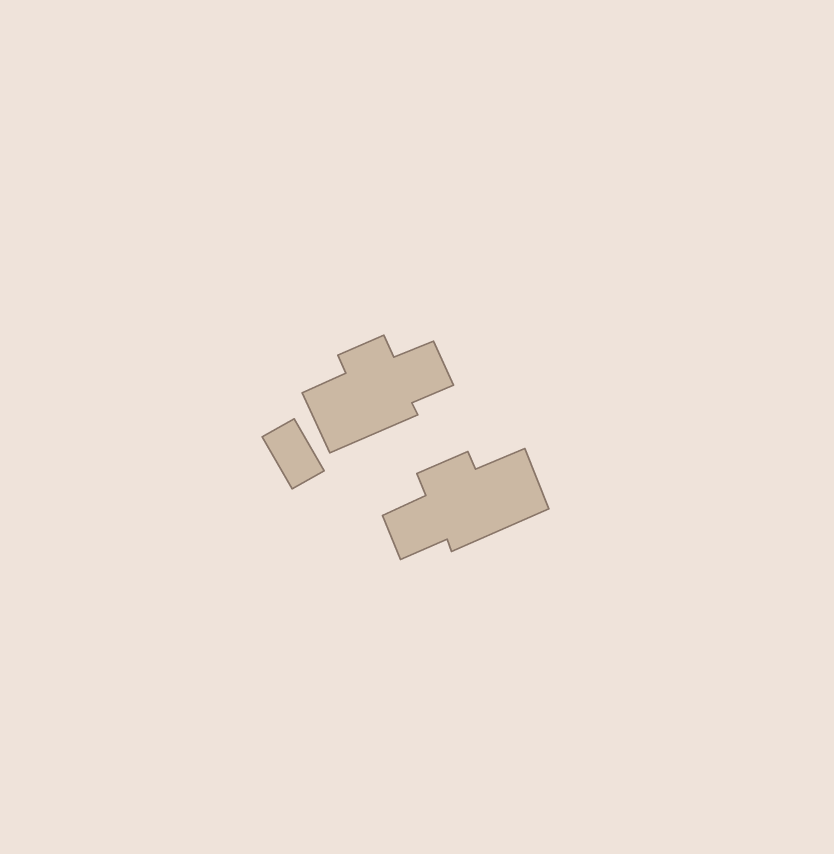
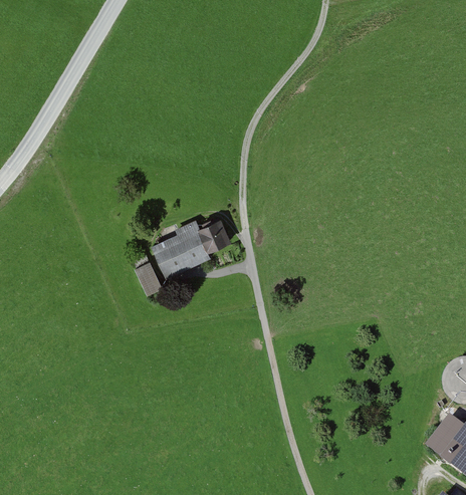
building: [383,449,549,559] -> none

